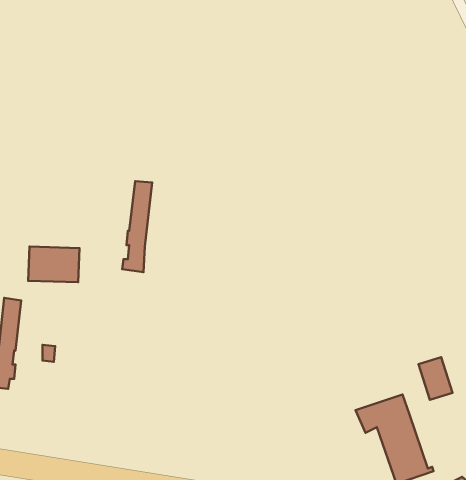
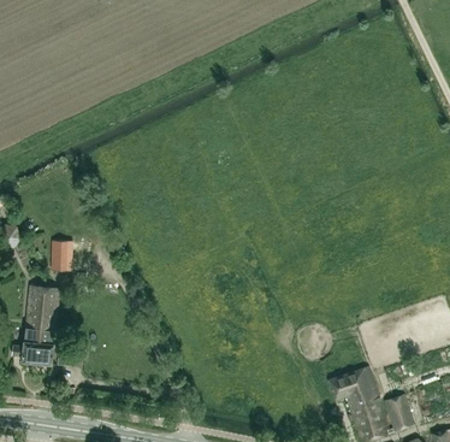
building: [122,181,152,272] -> [34,287,59,364]
building: [418,357,453,400] -> [385,394,414,430]

